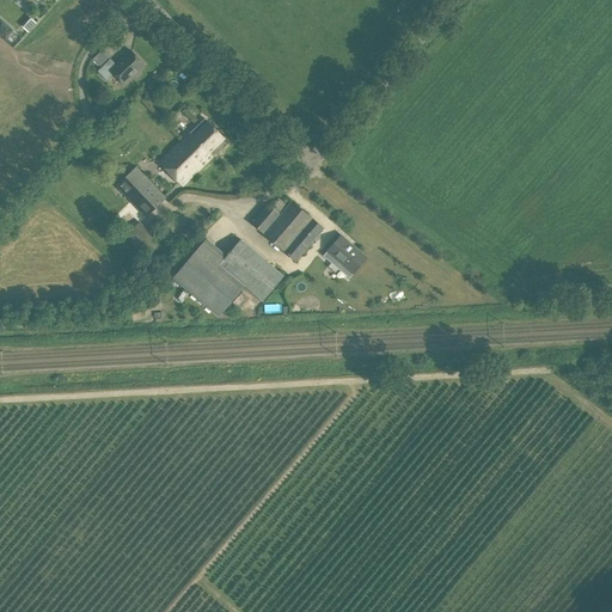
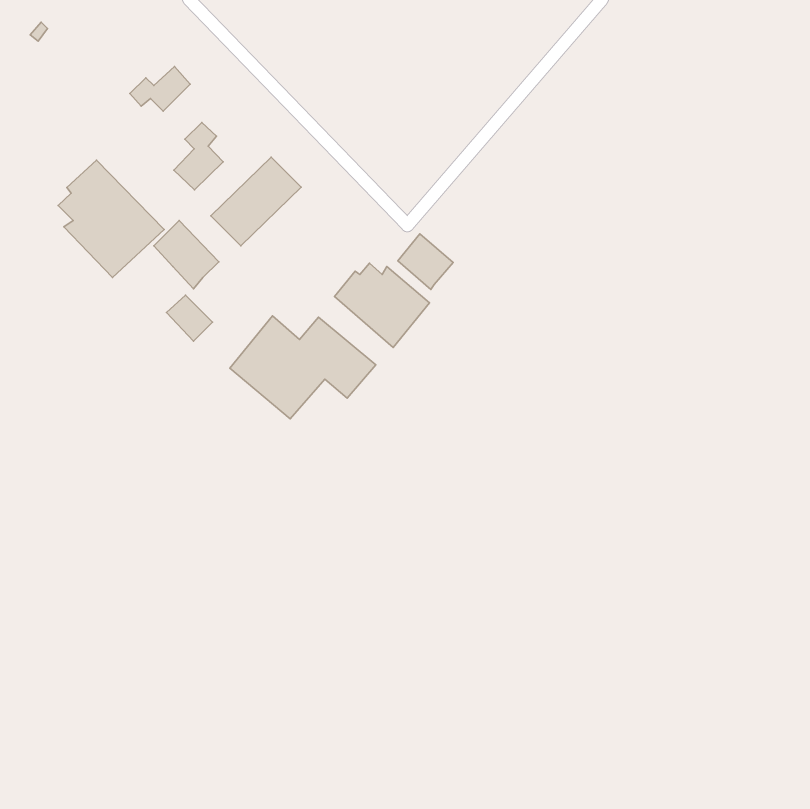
building: none -> [174,123,223,190]
building: none -> [58,160,164,278]
building: [324,235,366,277] -> [398,234,453,289]

